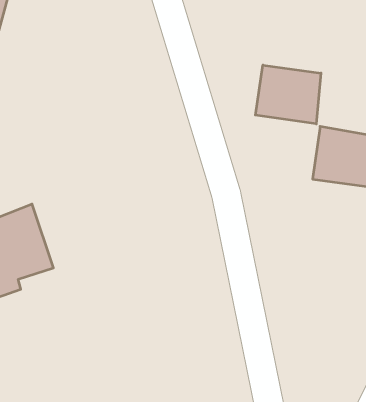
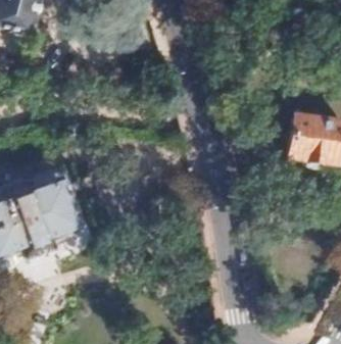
building: [255,65,321,124] -> none

